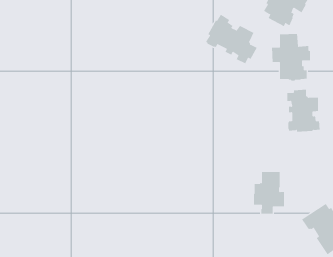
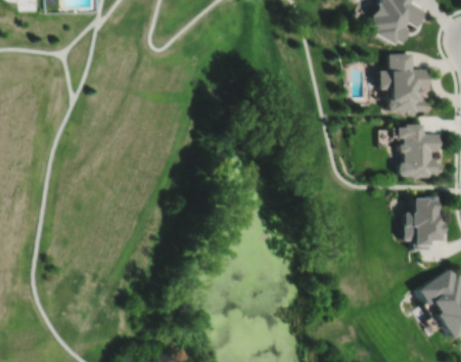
building: [205,14,258,64] -> none
building: [253,171,285,214] -> [404,194,444,248]

